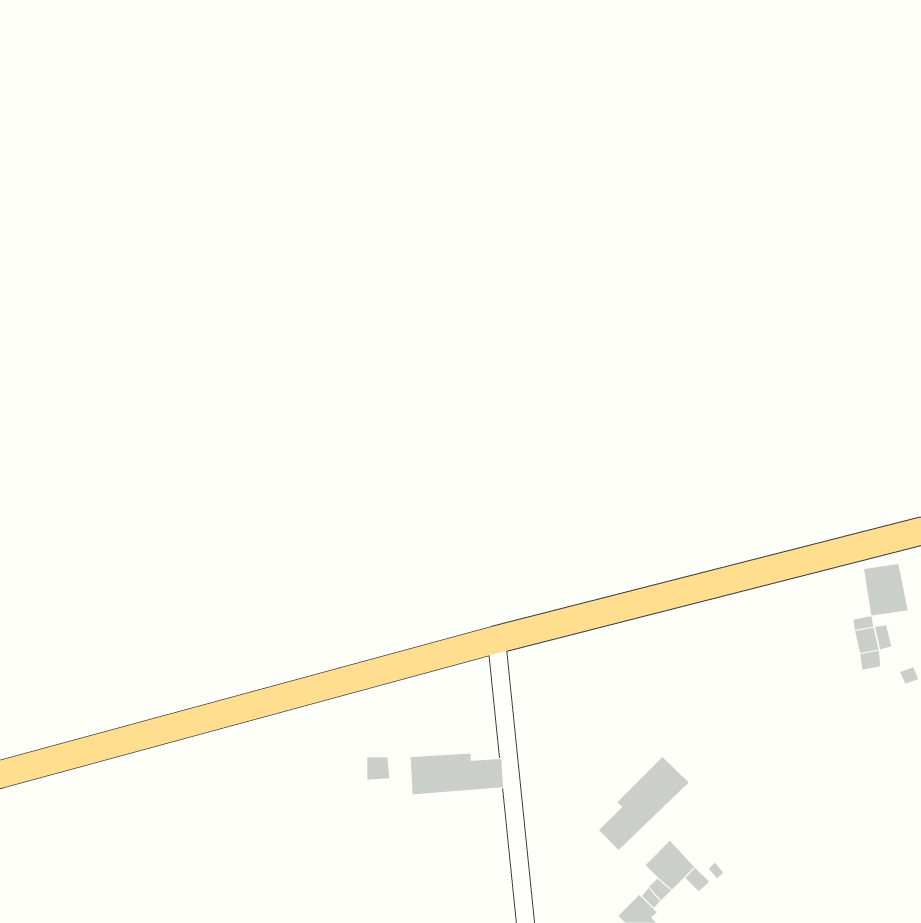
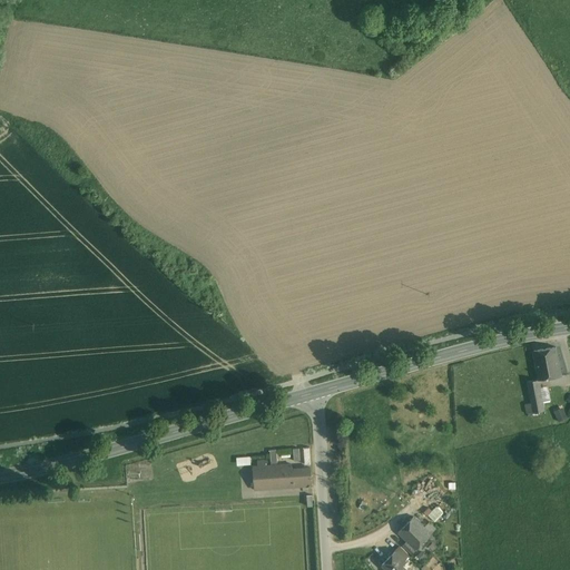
building: [598,756,689,851] -> none

